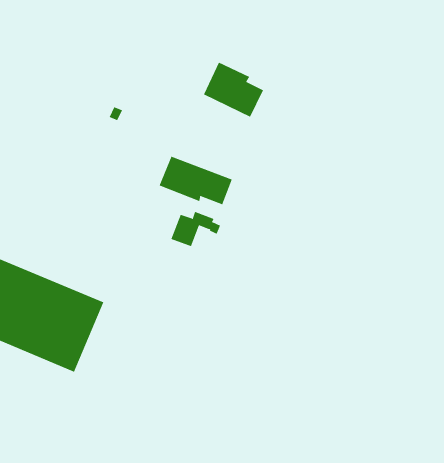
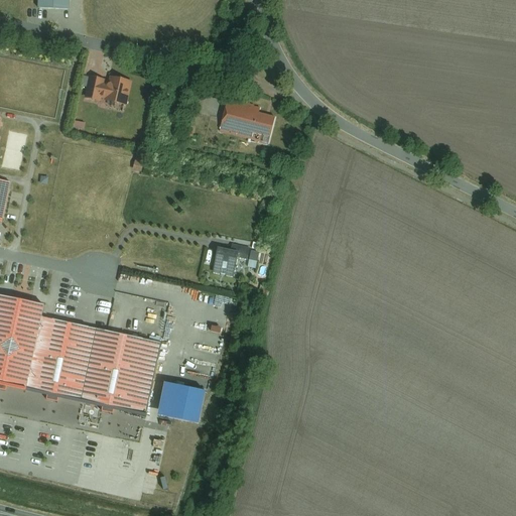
building: none -> [91,74,131,104]
building: [159,156,233,205] -> none

